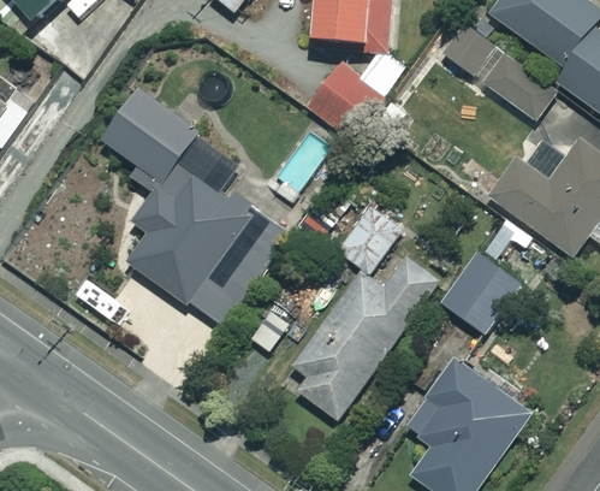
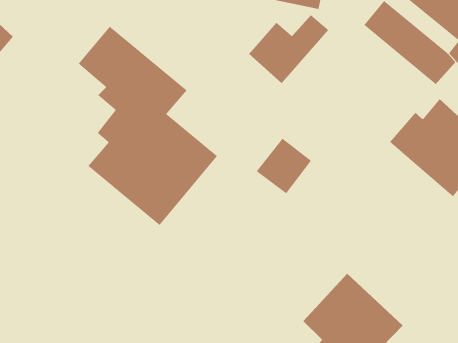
building: [438,250,519,333] -> none
building: [293,253,438,420] -> none

